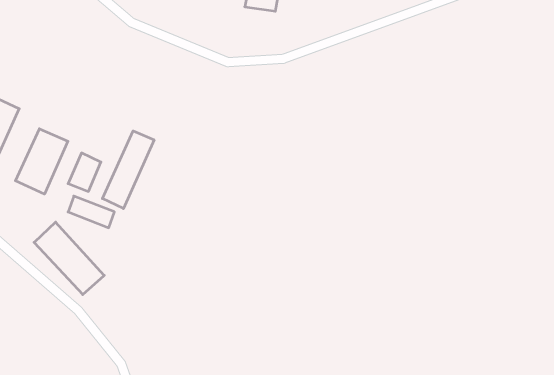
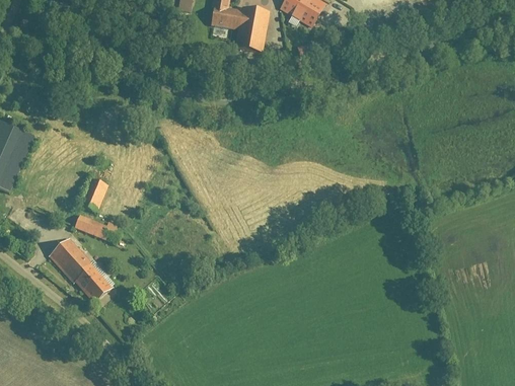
building: [15,129,68,194] -> none
building: [102,131,154,209] -> none

